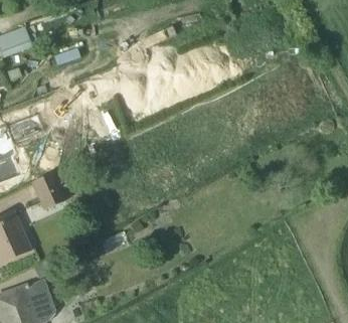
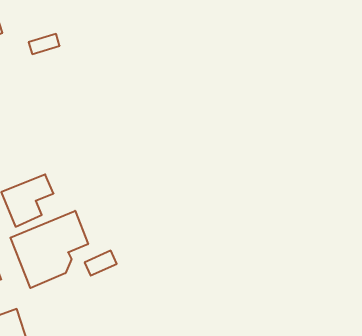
building: none -> [10,211,88,288]

